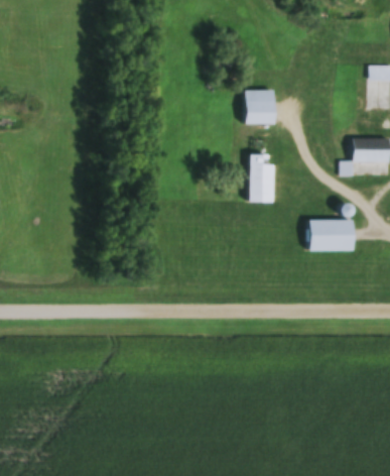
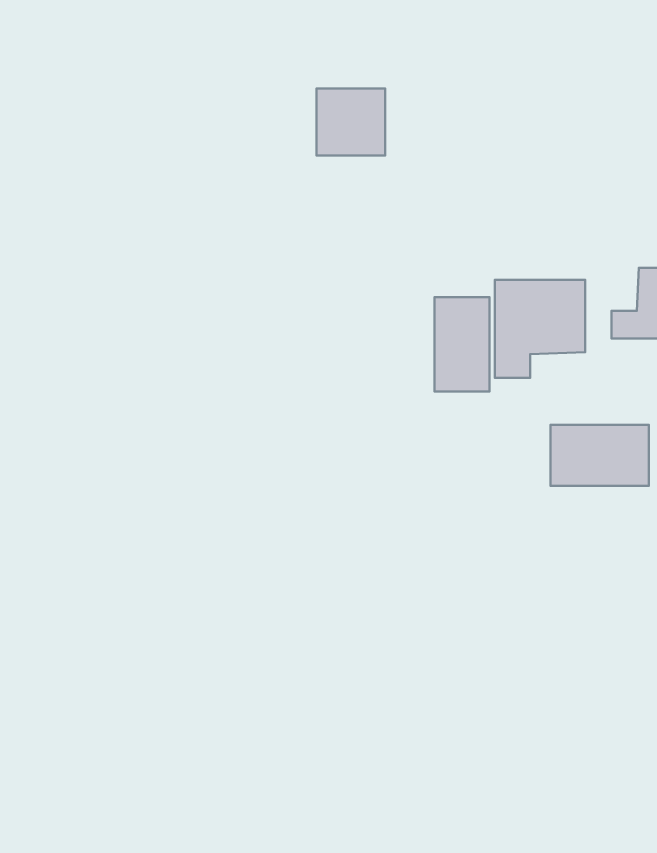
building: [242,90,277,124] -> [316,89,385,155]
building: none -> [495,280,585,378]

